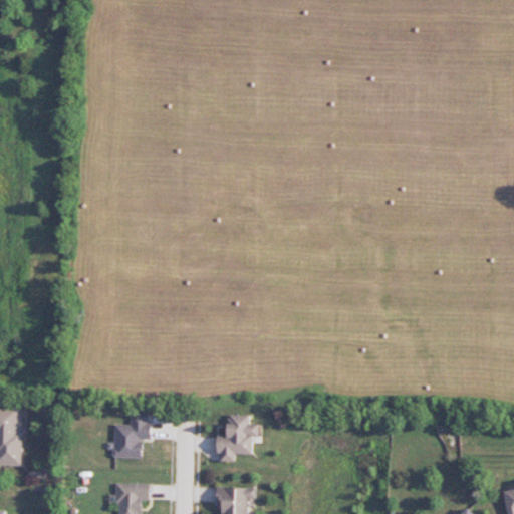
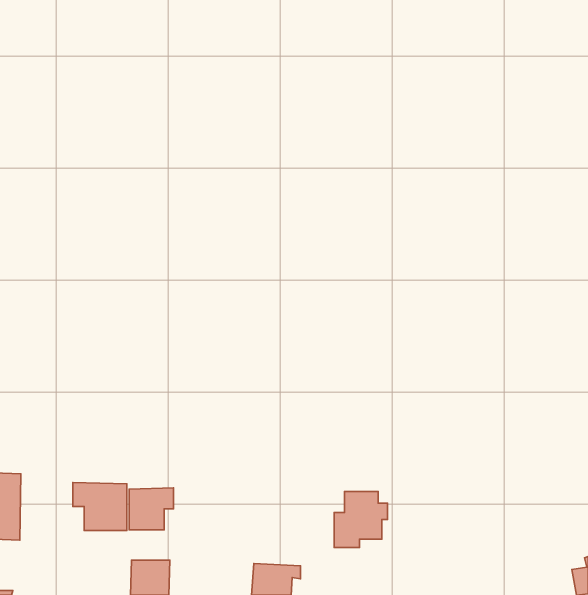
building: [216,414,262,462] -> [334,492,388,547]
building: none -> [73,483,127,531]

